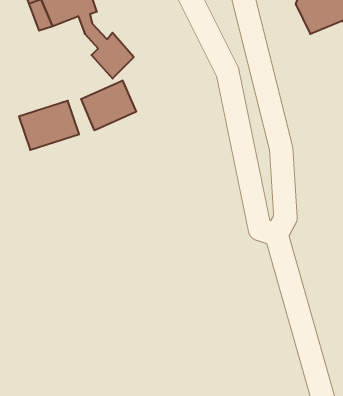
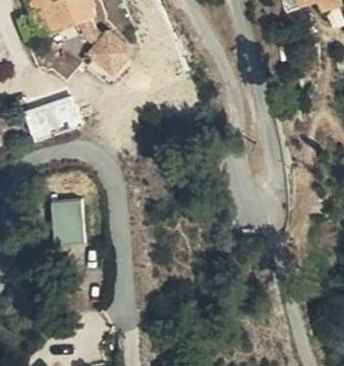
building: [81,80,136,130] -> none
building: none -> [52,195,84,240]

